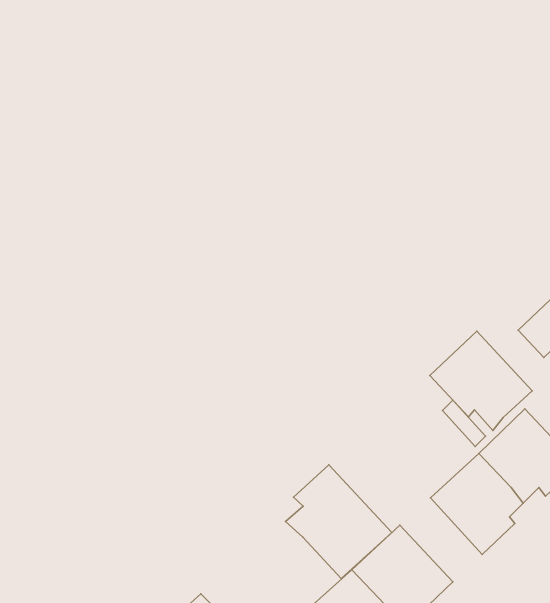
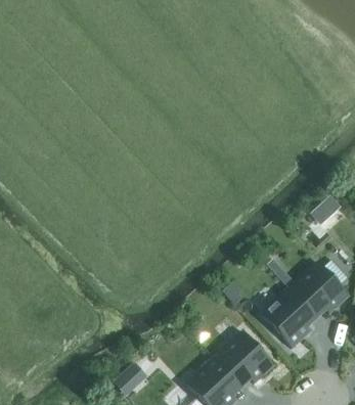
building: [430,331,532,430] -> none
building: [286,465,392,579] -> none

